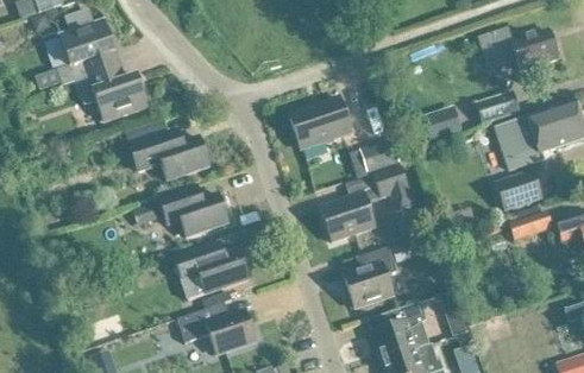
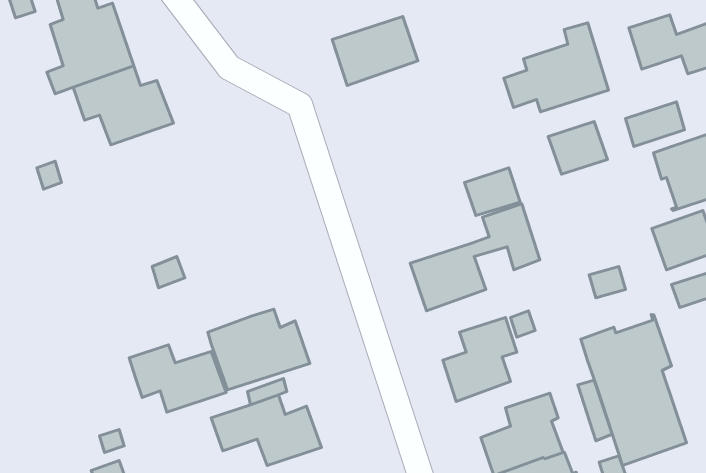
building: none -> [504,23,608,112]
building: [289,97,351,147] -> [332,16,418,86]
building: [124,118,209,179] -> none
building: [158,188,228,236] -> [129,345,226,412]
building: none -> [581,314,686,465]

